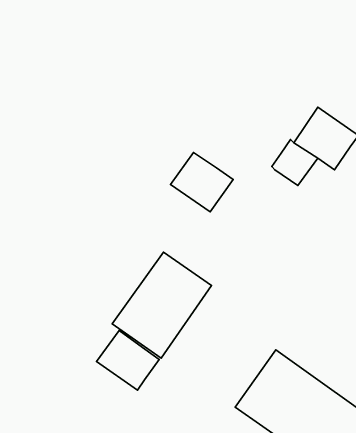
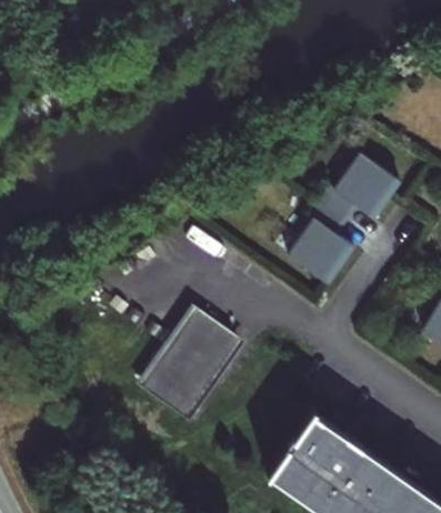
building: [171,152,233,212] -> [287,218,353,281]
building: [97,330,159,390] -> none

